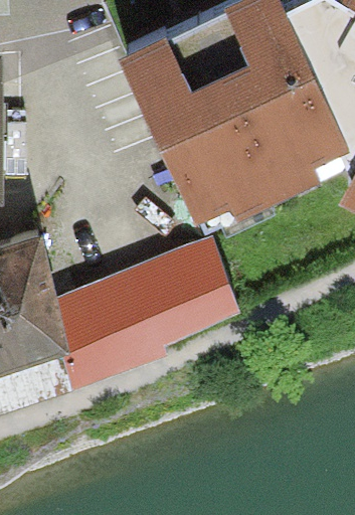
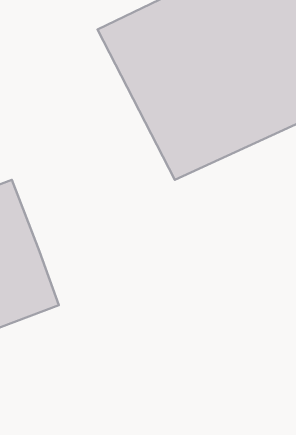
building: [57,247,238,373] -> none

